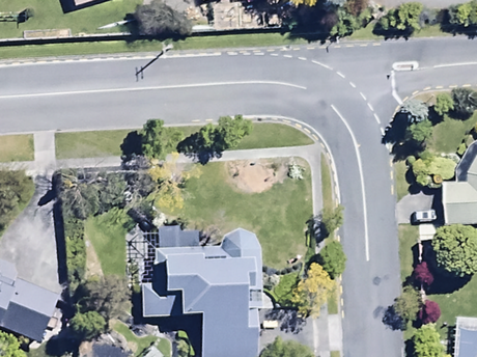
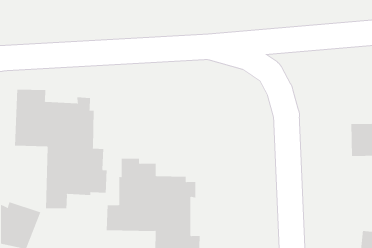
building: none -> [15,89,107,209]

